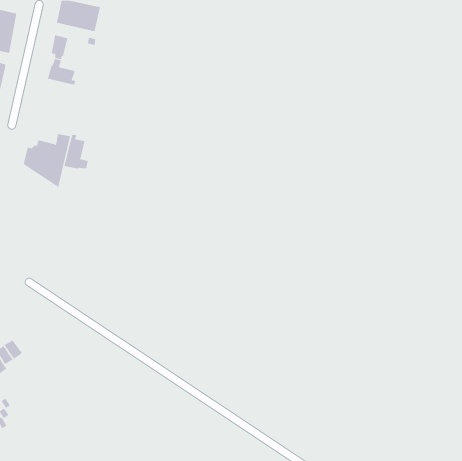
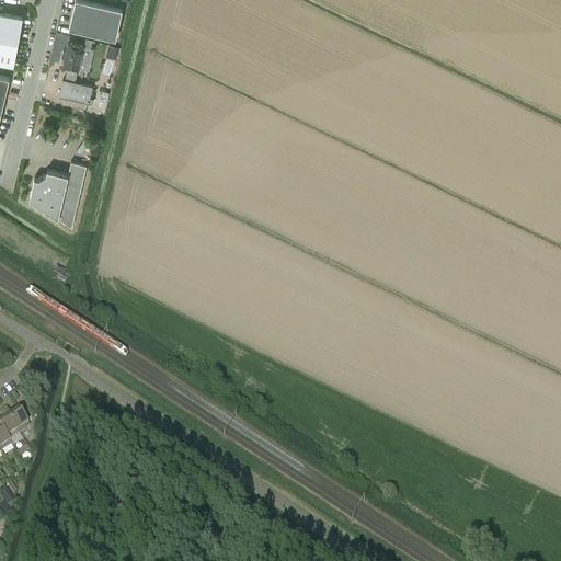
building: [64,134,88,169] -> none

